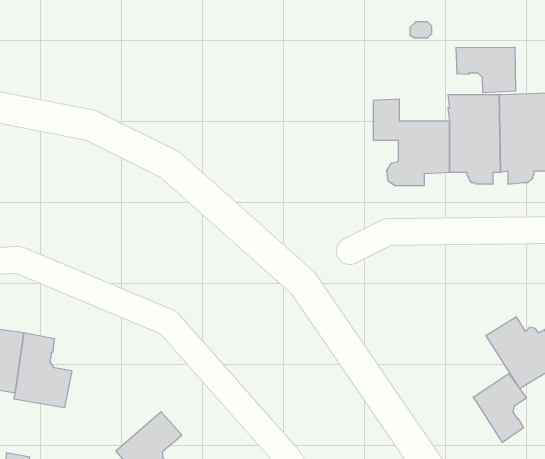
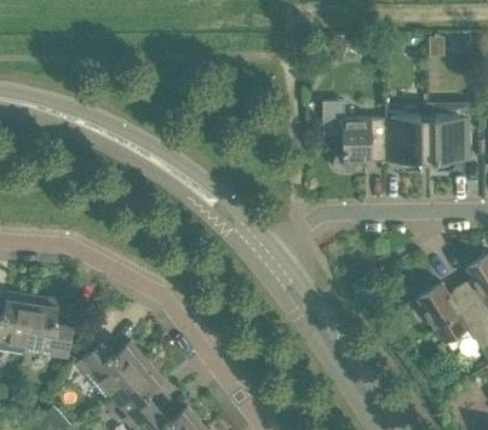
building: [456,47,516,93] -> none
building: [473,374,526,442] -> none
building: none -> [76,343,147,395]

